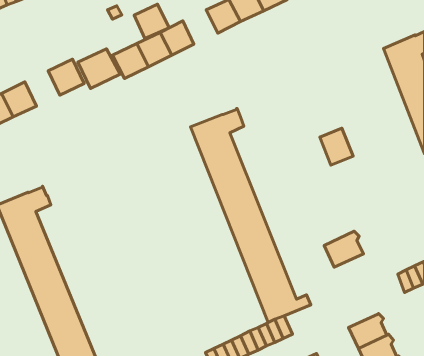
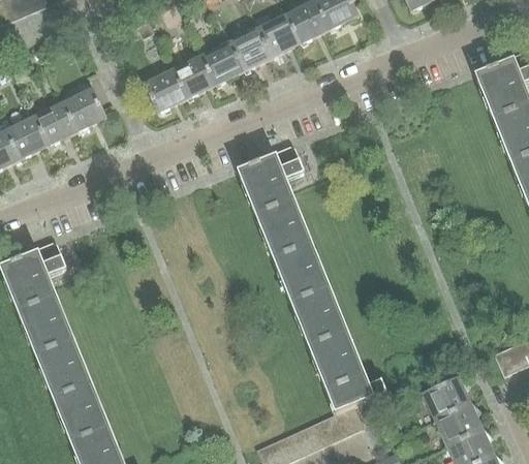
building: [134,4,169,39] -> [229,26,273,68]
building: [78,49,120,89] -> none
building: none -> [34,101,77,145]
building: [320,128,353,165] -> none
building: [324,231,363,267] -> [422,374,470,419]

